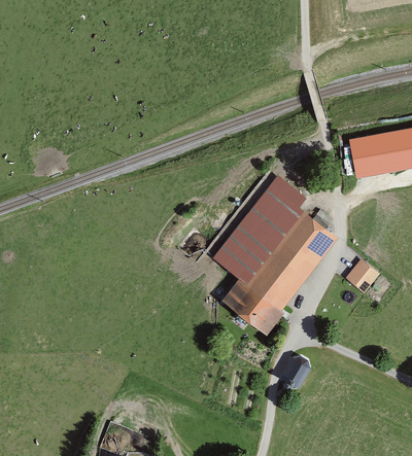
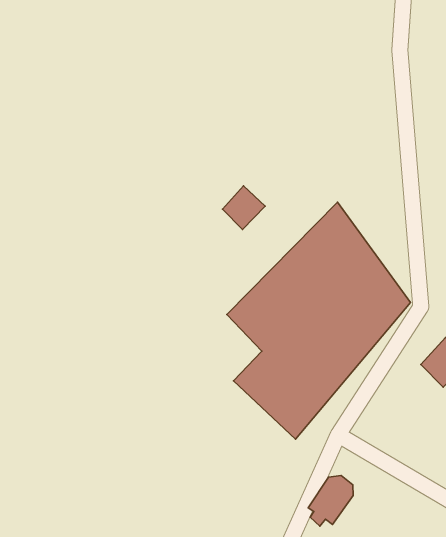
building: none -> [222,186,265,230]

